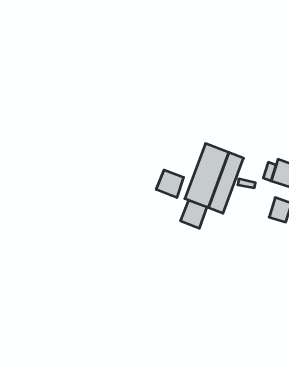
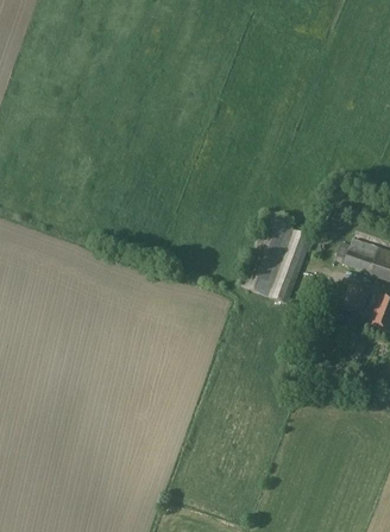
building: [156,170,184,198] -> none
building: [181,200,207,228] -> none

